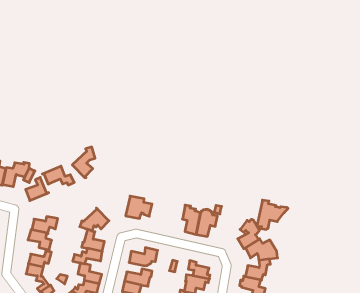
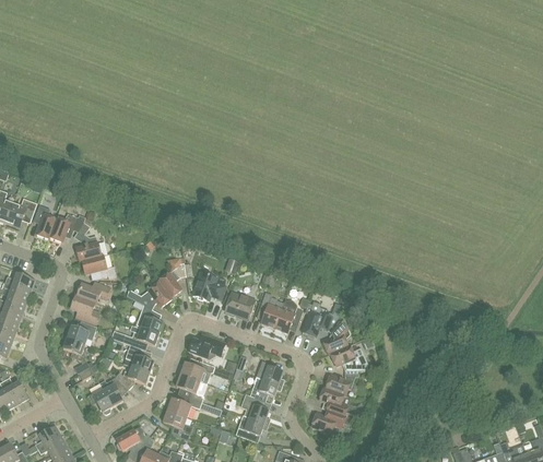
building: [72,147,95,178] -> [157,262,186,298]
building: [42,166,74,185] -> [79,254,116,279]
building: [257,200,288,229] -> [302,301,342,337]
building: none -> [224,292,255,319]

